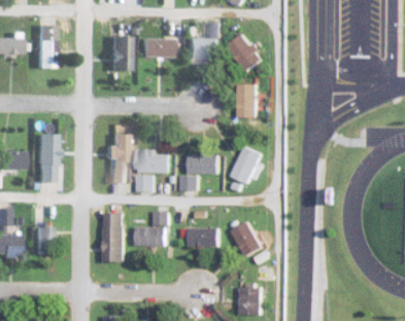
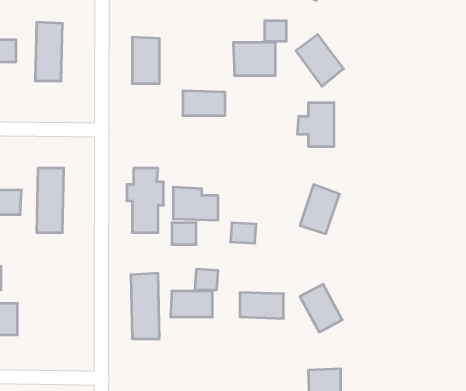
building: [141,38,173,57] -> [183,91,225,115]
building: [193,154,226,174] -> none
building: [37,226,56,255] -> none

